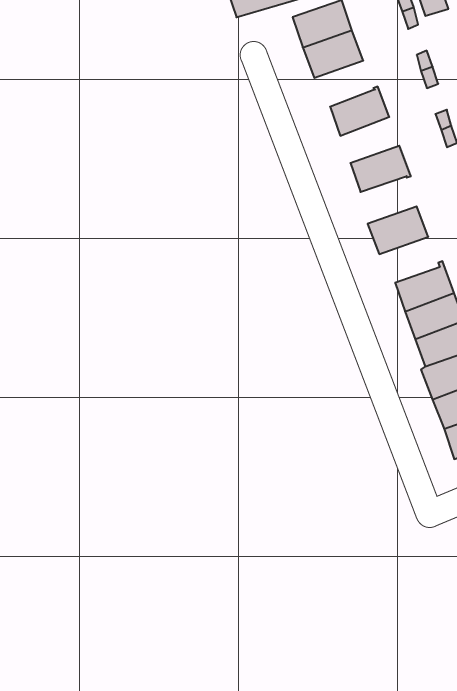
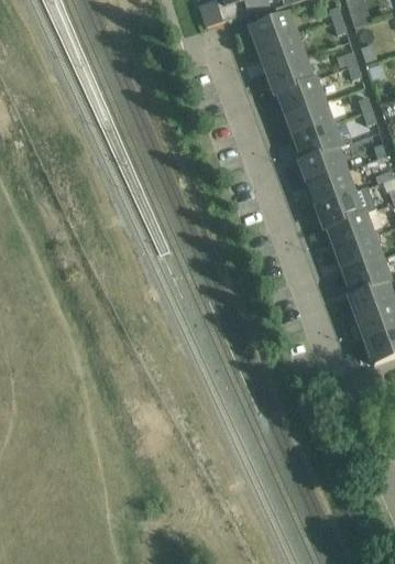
building: none -> [267,57,314,94]
building: none -> [287,100,332,135]
building: none -> [299,145,345,182]
building: none -> [317,192,363,228]

